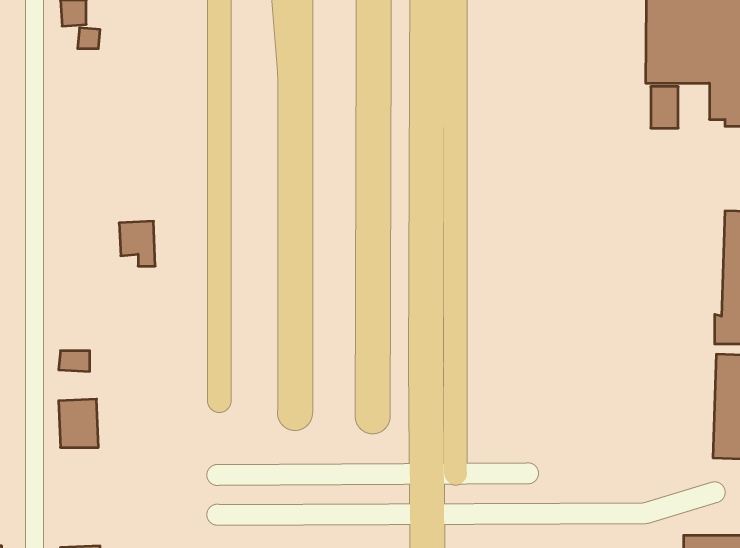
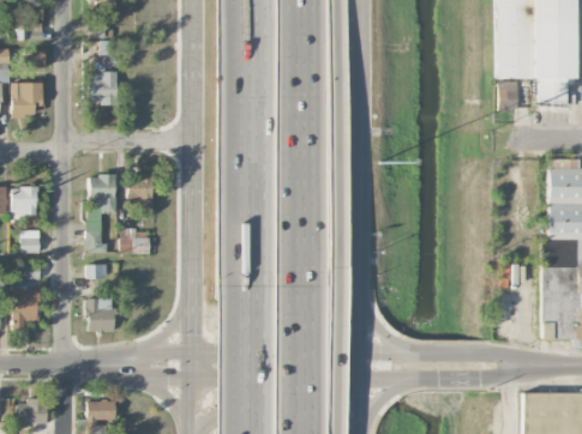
building: none -> [88,73,118,104]
building: none -> [88,174,116,252]
building: none -> [121,229,151,253]

